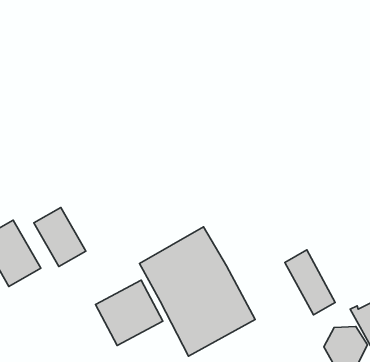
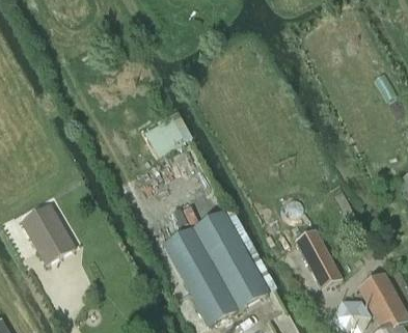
building: [34,208,86,267] -> none
building: [95,280,163,345] -> none

